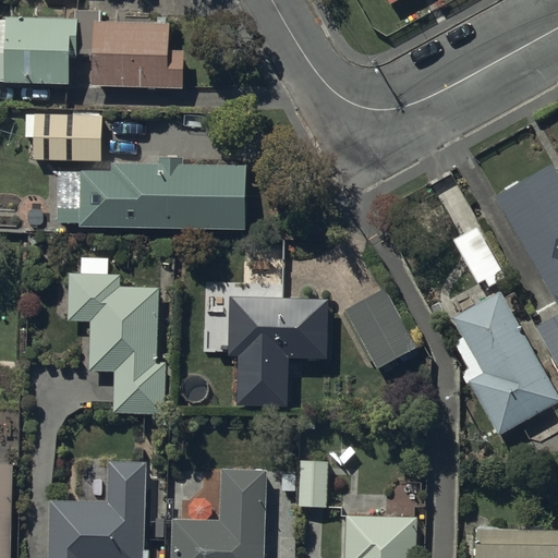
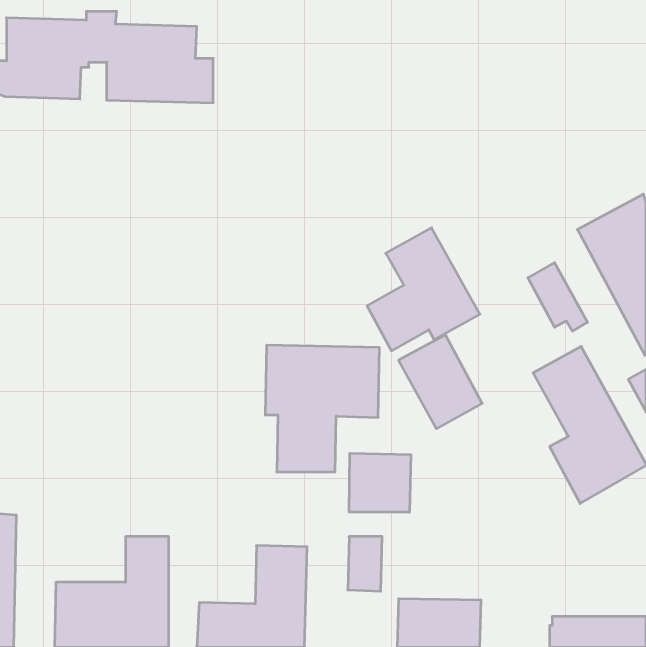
building: [25,111,102,160] -> none
building: [57,158,245,229] -> none
building: none -> [367,228,480,351]
building: [68,257,165,413] -> none
building: none -> [349,453,411,512]

